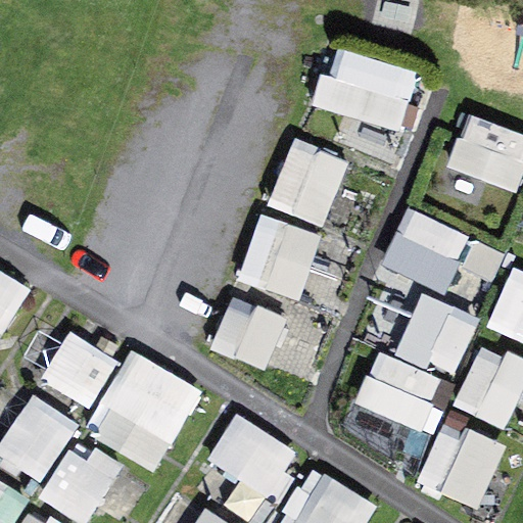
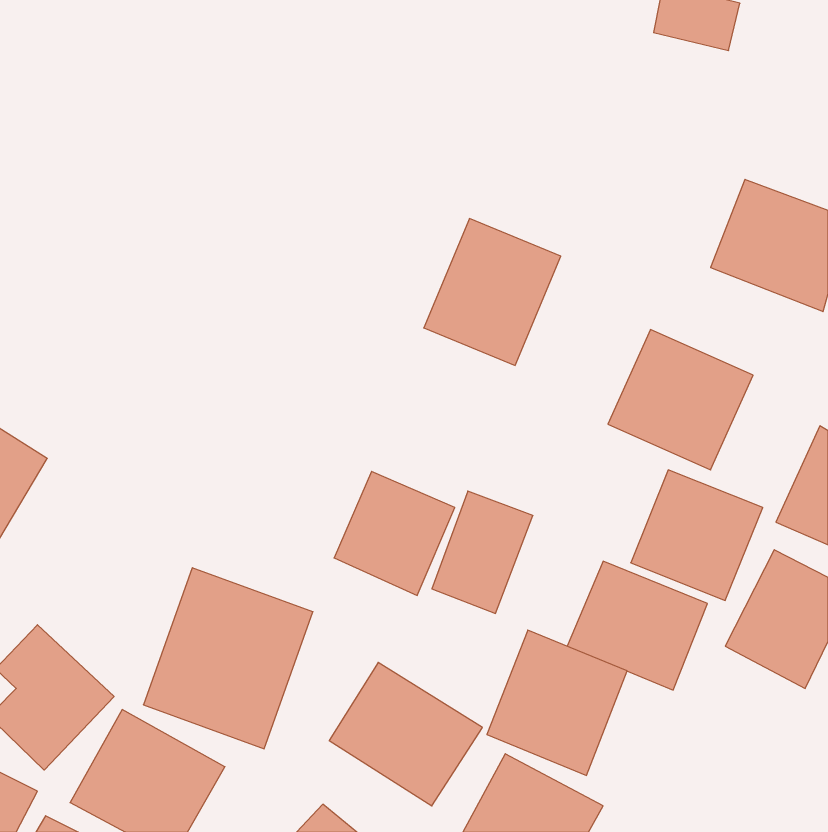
building: [313,50,418,129] -> none
building: [237,211,322,300] -> none
building: [40,332,117,410] -> none
building: [419,421,507,512] -> [487,630,627,775]

